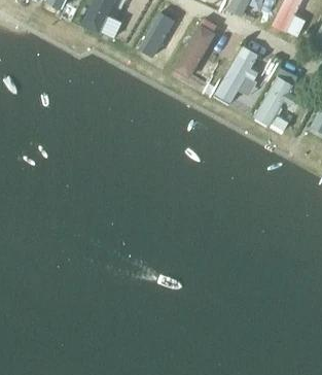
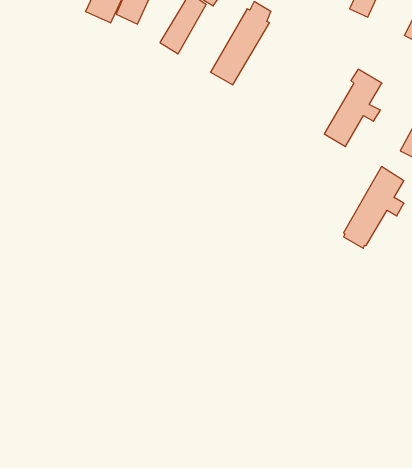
building: [214,45,258,105] -> [344,167,404,248]

